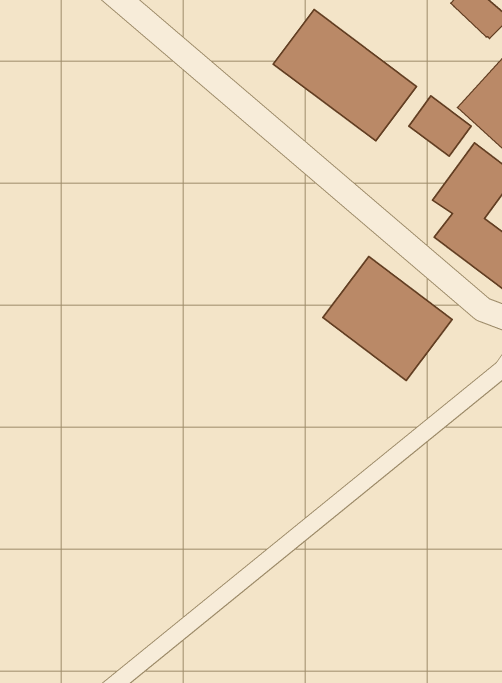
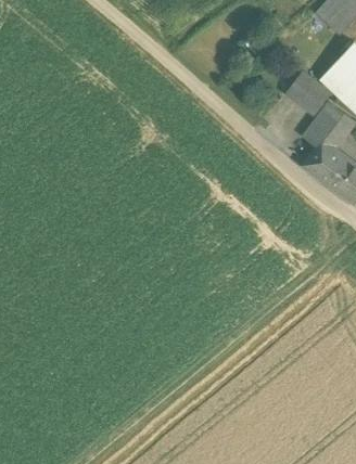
building: [273,10,416,141] -> none
building: [323,257,452,381] -> none

